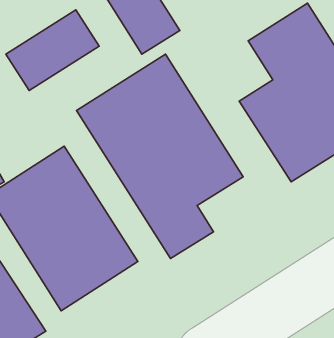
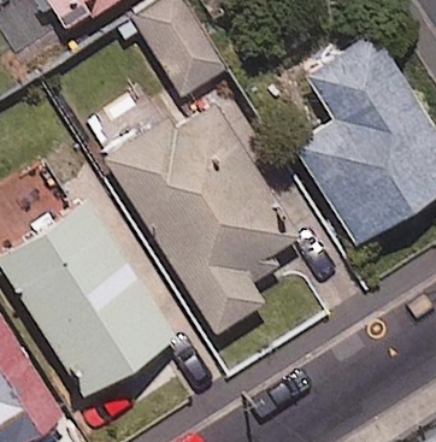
building: [6,10,99,91] -> none

